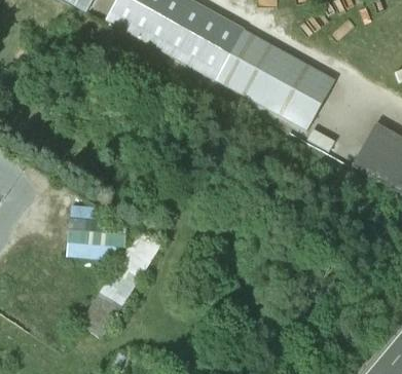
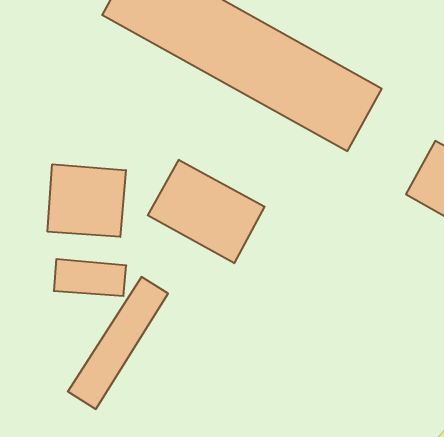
building: none -> [148,160,265,263]
building: none -> [48,164,126,237]

